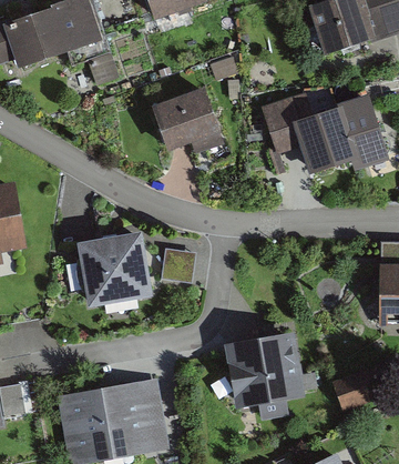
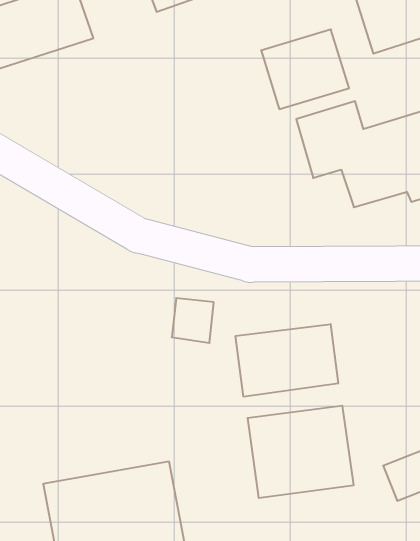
building: [151,90,221,153] -> [261,29,349,109]
building: [74,231,150,306] -> none
building: none -> [236,324,338,397]

